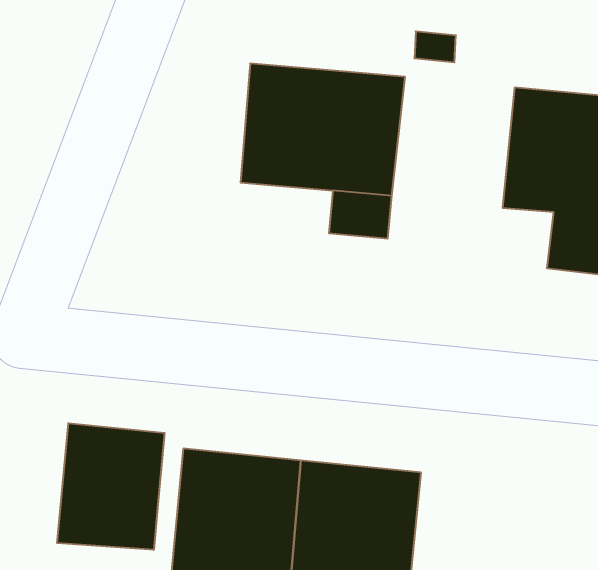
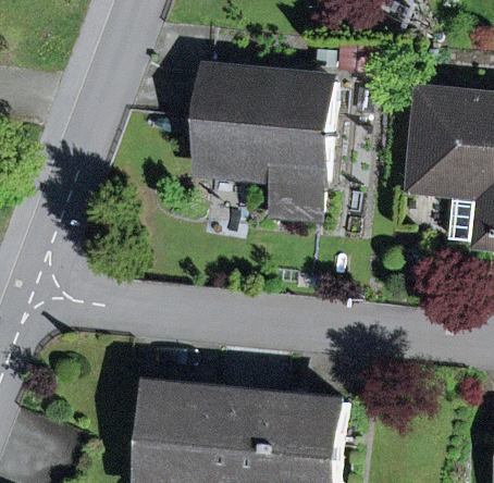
building: [57,423,165,550] -> none

